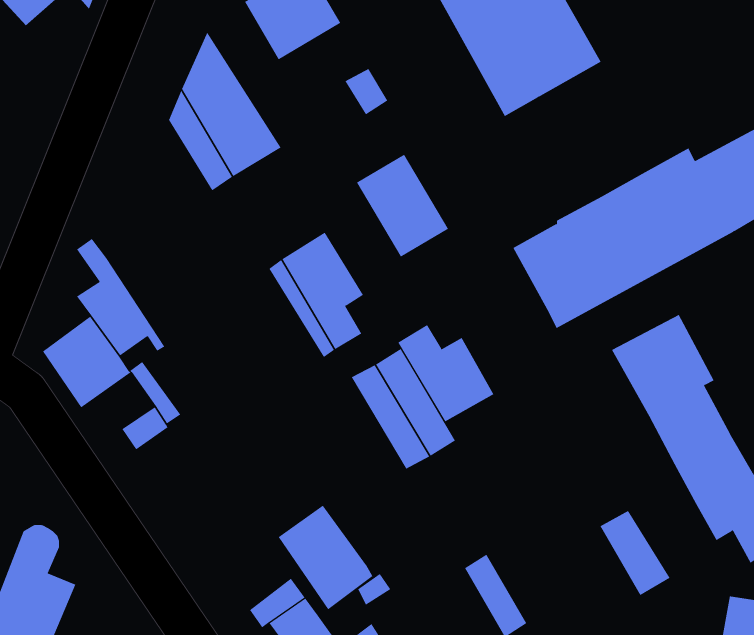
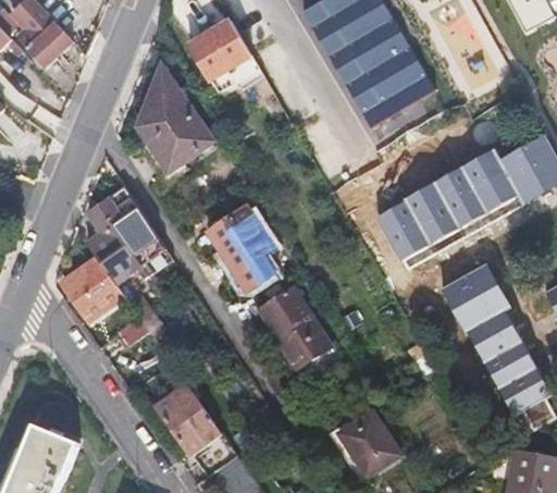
building: [356,154,449,257] -> none
building: none -> [89,189,158,281]
building: [397,324,494,422] -> none
building: [278,505,373,610] -> [156,384,220,455]
building: [599,510,671,596] -> [355,409,403,467]

